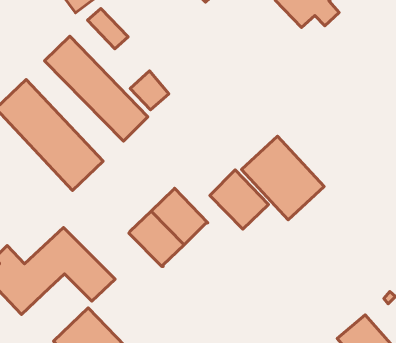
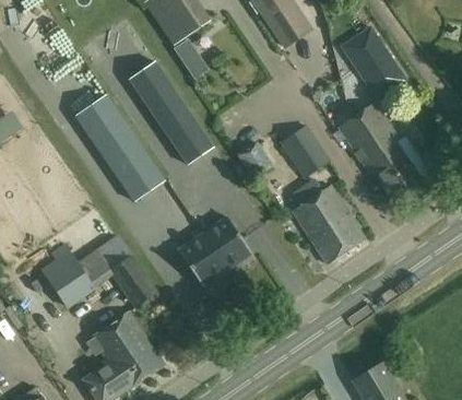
building: none -> [336,101,429,200]
building: [130,71,169,110] -> [236,141,271,177]
building: [210,170,268,229] -> [279,122,331,178]

